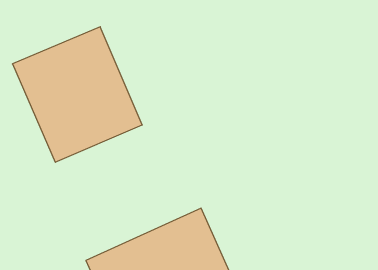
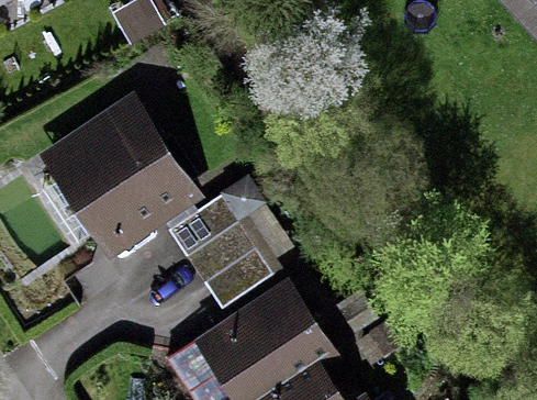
building: none -> [169,199,276,313]

